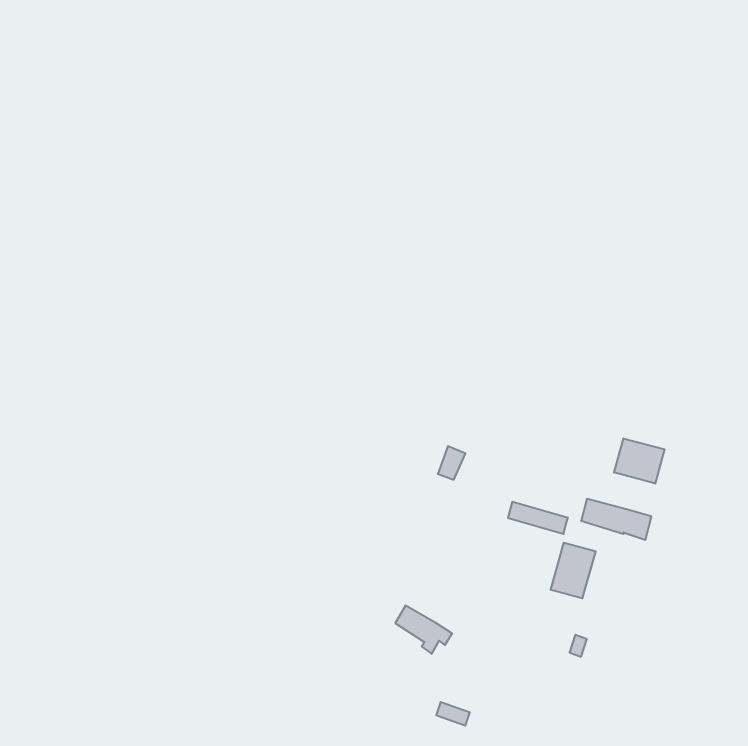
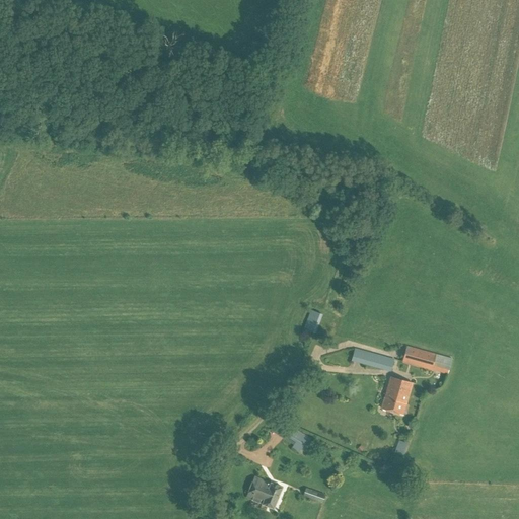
building: [614,438,665,484] -> none
building: none -> [246,475,282,508]

